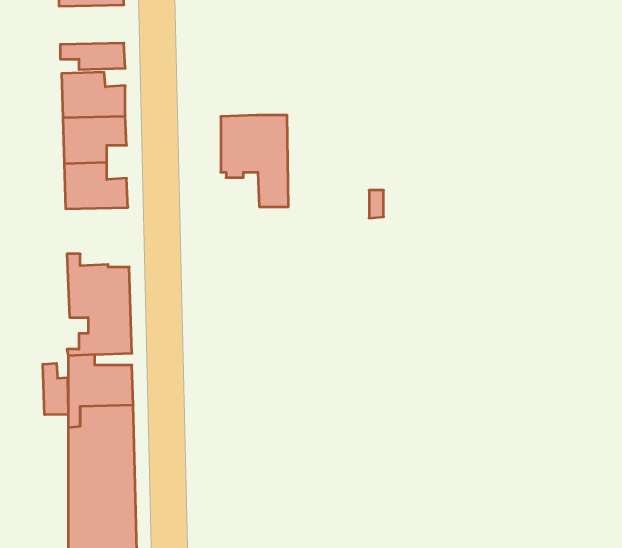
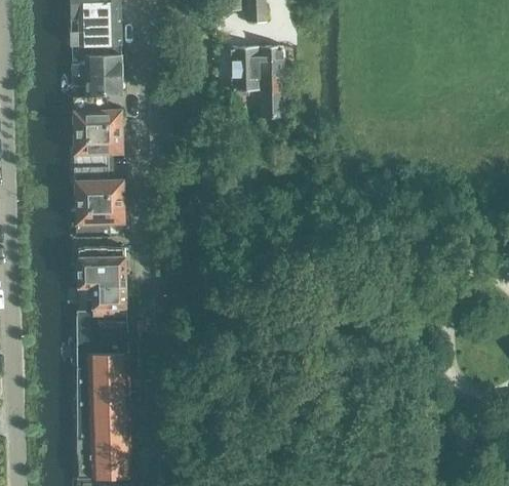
building: none -> [72,55,121,76]
building: [221,115,288,207] -> [231,48,283,119]
building: none -> [76,202,125,238]
building: [43,363,68,415] -> none

